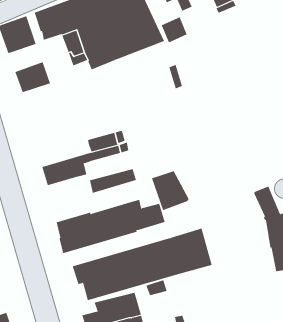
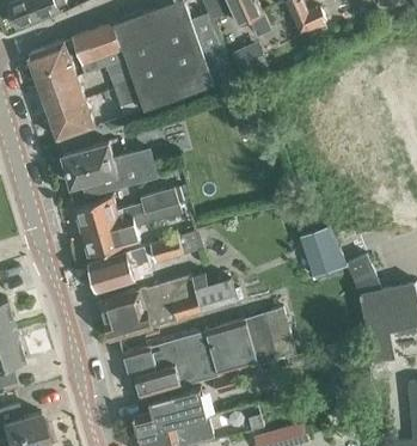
building: none -> [39,78,84,112]
building: none -> [60,133,157,196]
building: none -> [74,196,143,231]
building: [151,171,189,211] -> [300,226,348,276]
building: none -> [86,251,136,292]

